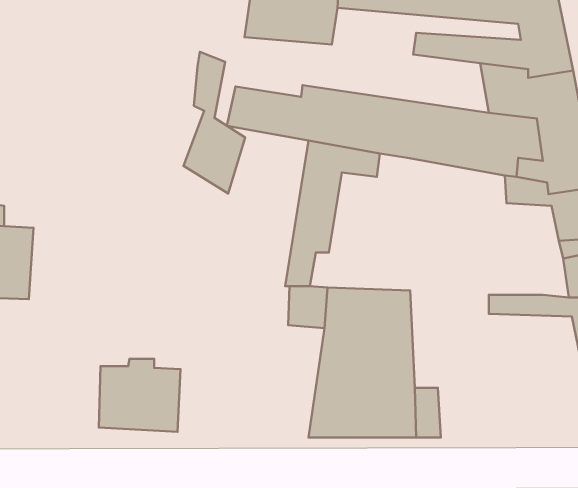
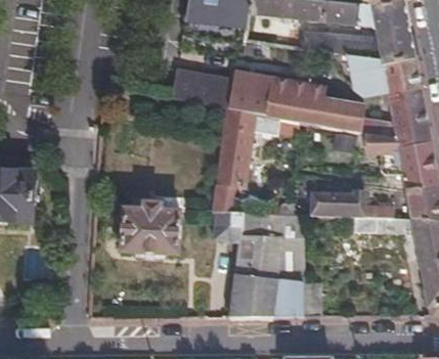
building: [183,52,245,194] -> none
building: none -> [311,189,393,216]
building: [99,359,180,432] -> [122,200,179,252]

